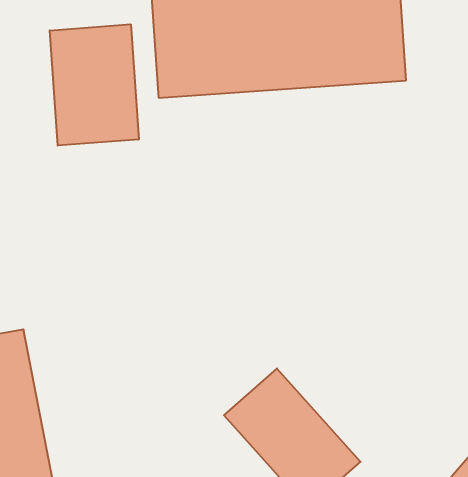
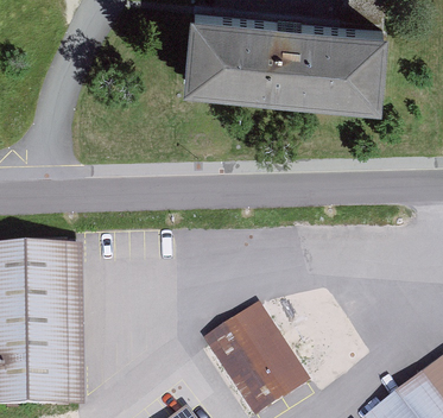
building: [50,24,139,146] -> none

